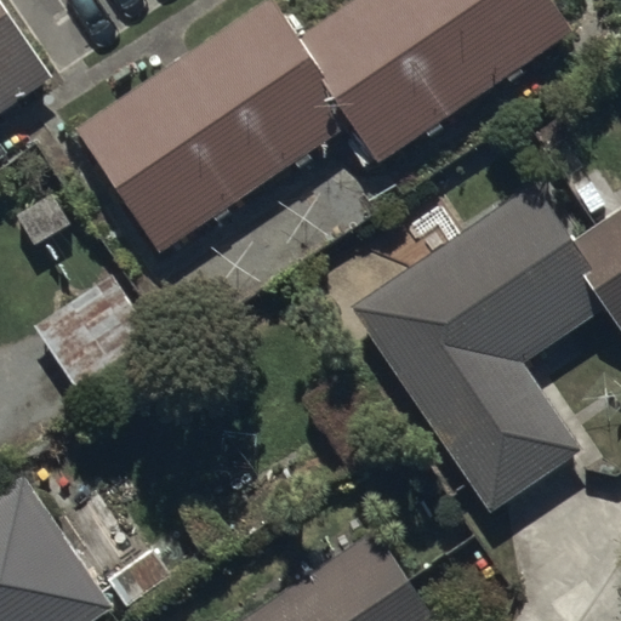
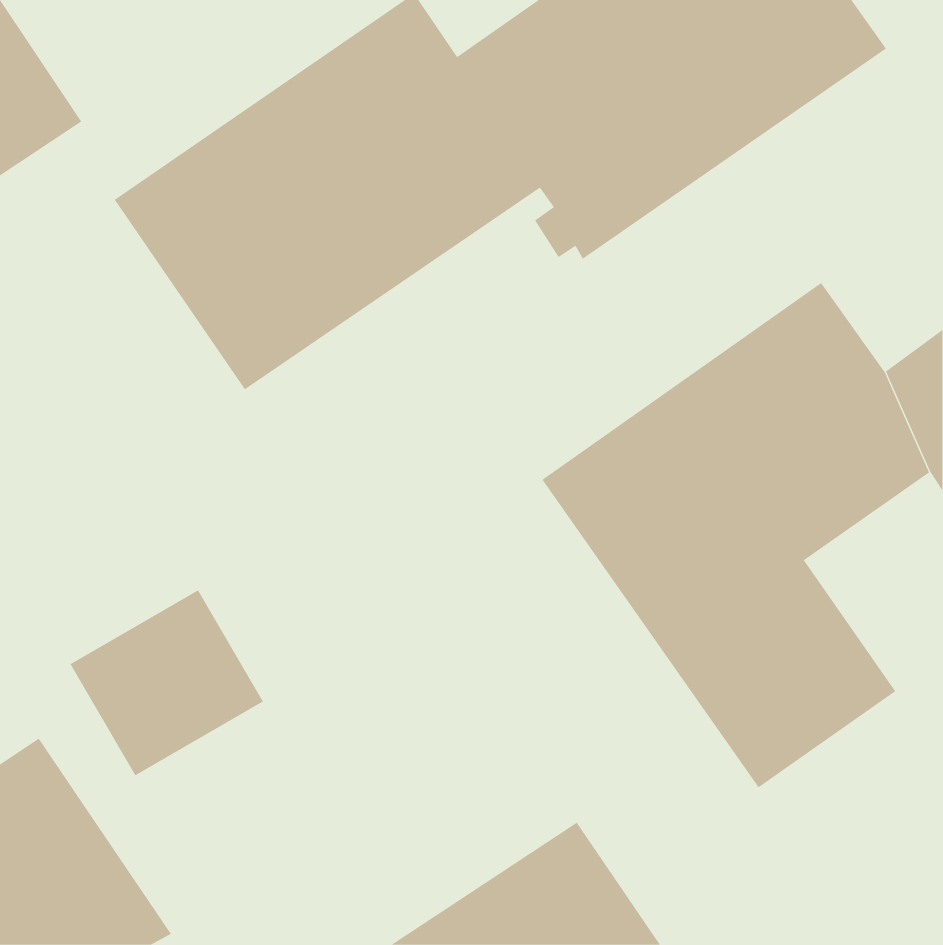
building: [32,277,158,398] -> [70,589,264,776]

